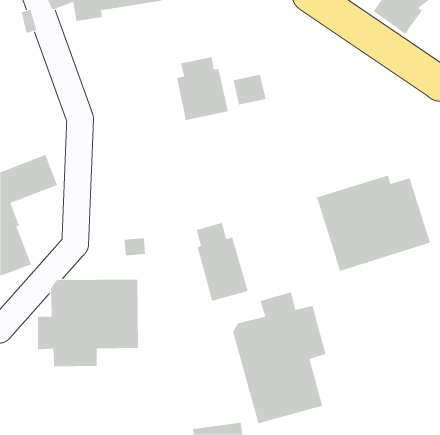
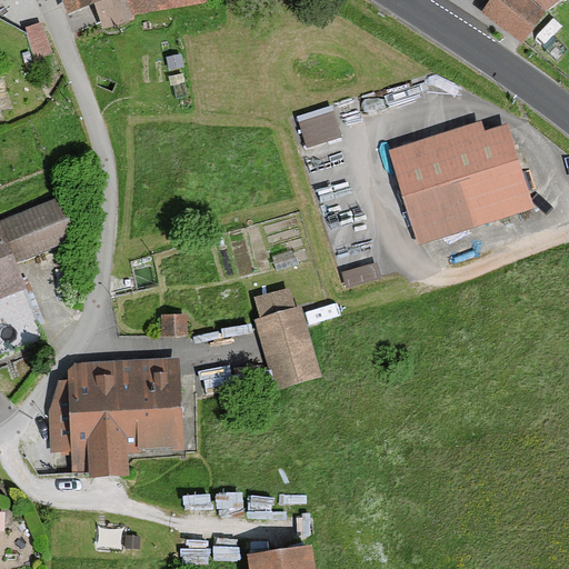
building: [177,57,228,121] -> none
building: [316,175,431,271] -> [387,120,535,244]
building: [232,291,326,424] -> none

